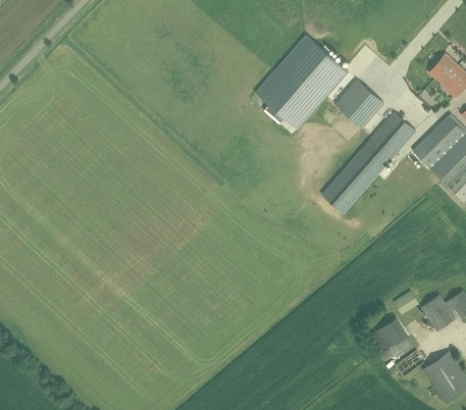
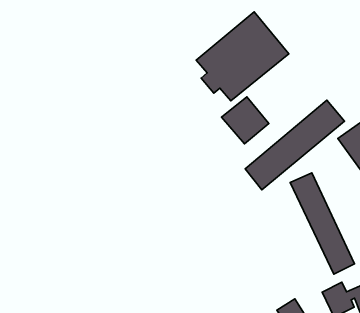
building: [334,80,383,127] -> [221,97,269,144]
building: none -> [290,173,355,274]

